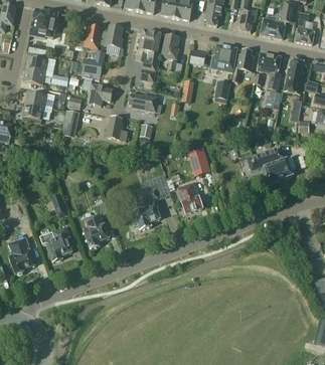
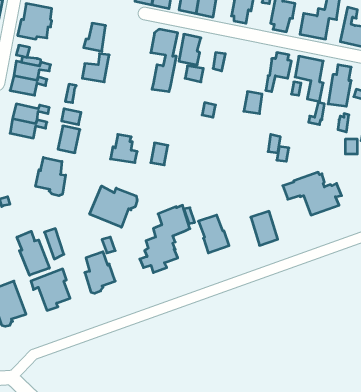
building: [102,25,124,47] -> none
building: [211,44,237,71] -> none
building: [88,82,113,106] -> none
building: [129,93,159,112] -> none
building: none -> [36,157,66,196]
building: [188,148,210,176] -> [251,211,278,245]
building: none -> [90,186,137,227]
building: none -> [17,231,49,275]

